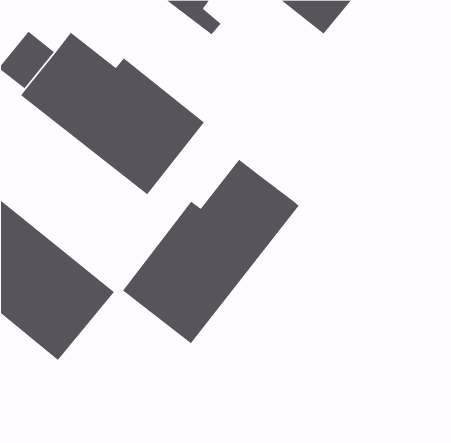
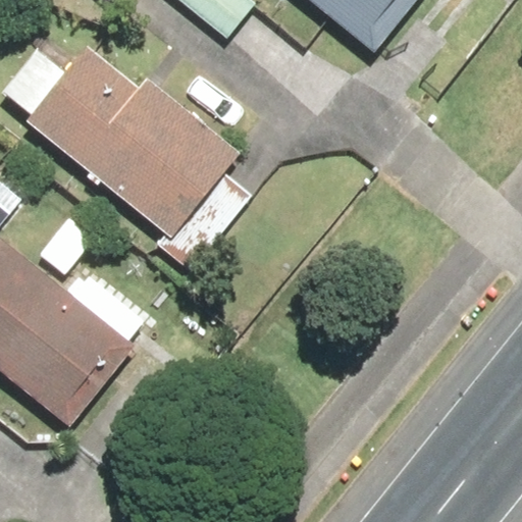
building: [122,159,300,344] -> none

